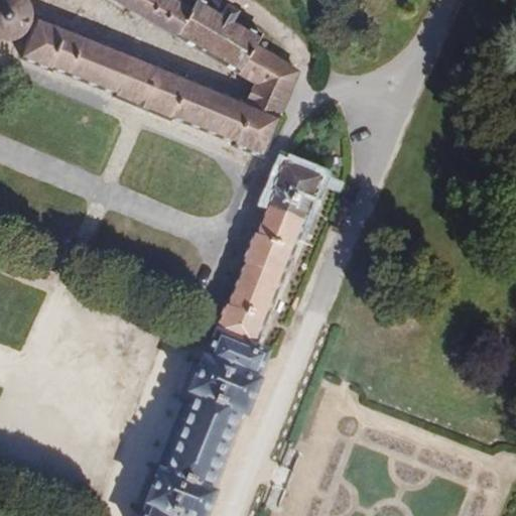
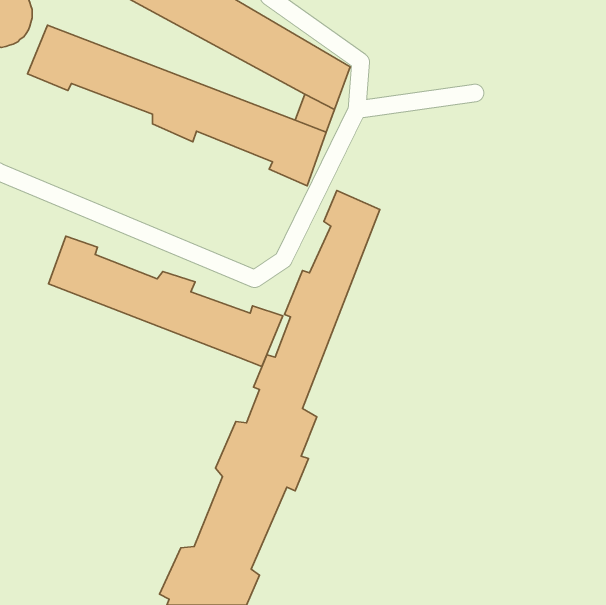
building: none -> [49,236,283,366]

